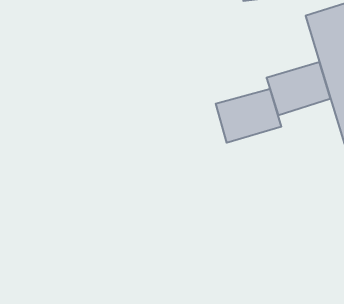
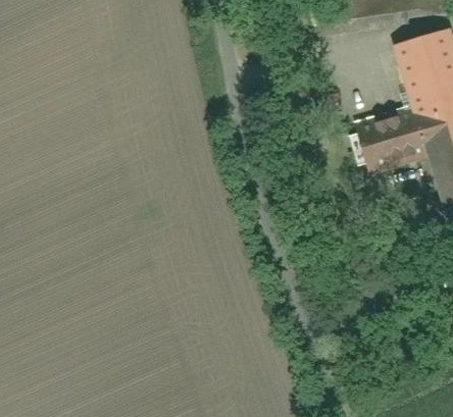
building: [216,89,281,143] -> none

